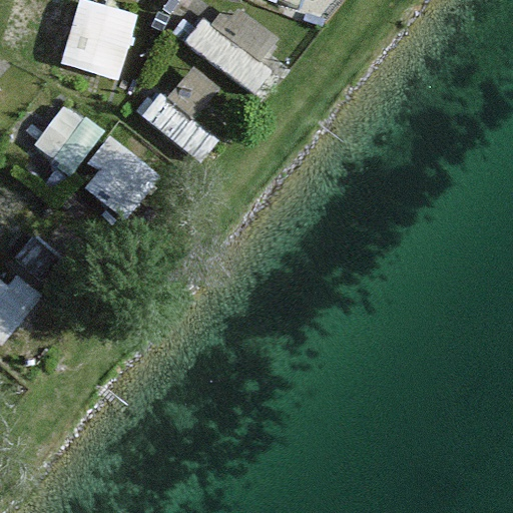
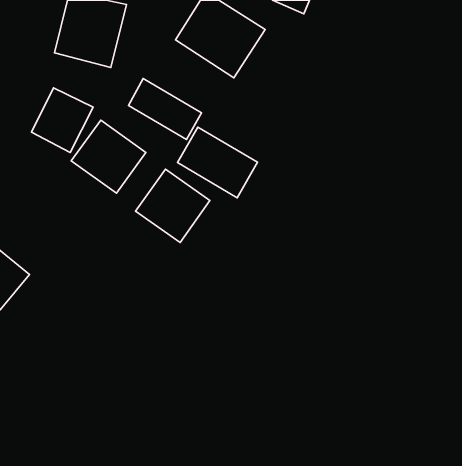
building: none -> [177,127,257,198]
building: none -> [136,169,210,242]

